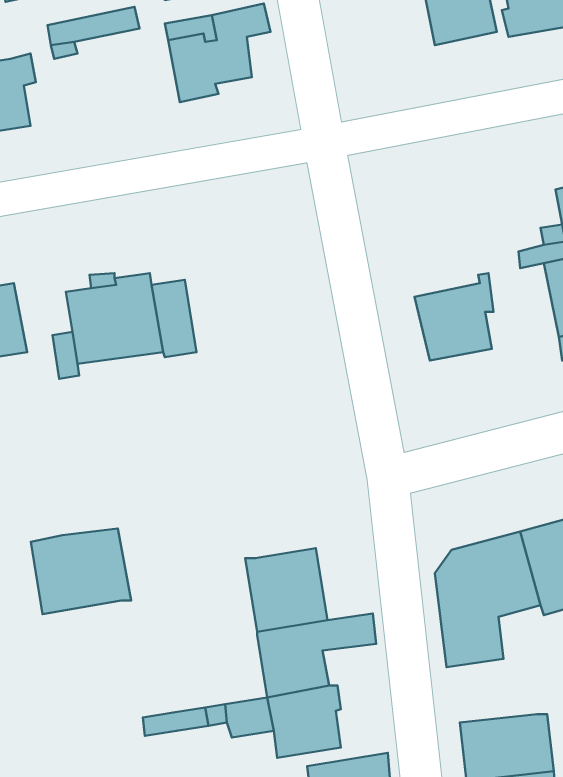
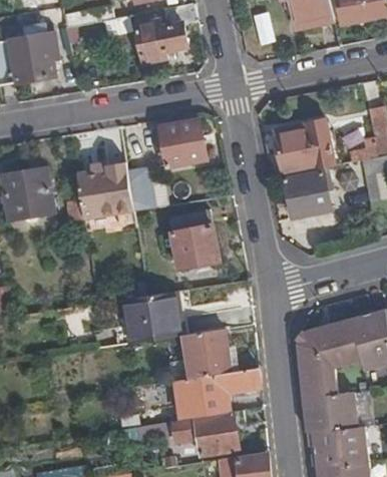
building: none -> [274,118,326,170]
building: none -> [151,120,206,167]
building: none -> [171,214,221,270]
building: [31,529,131,614] -> [128,292,188,343]
building: none -> [303,394,357,433]

